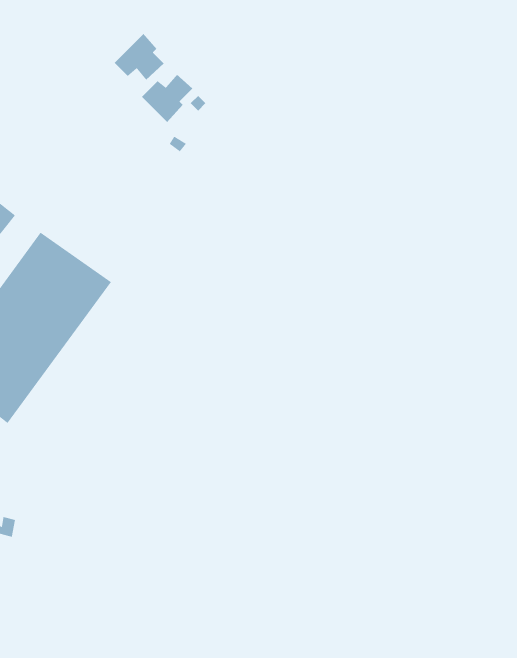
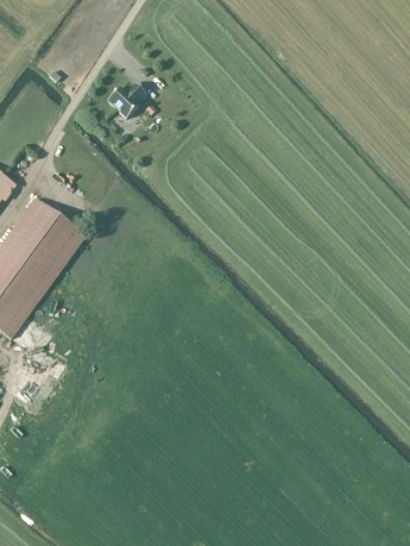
building: [114,33,165,81] -> none

